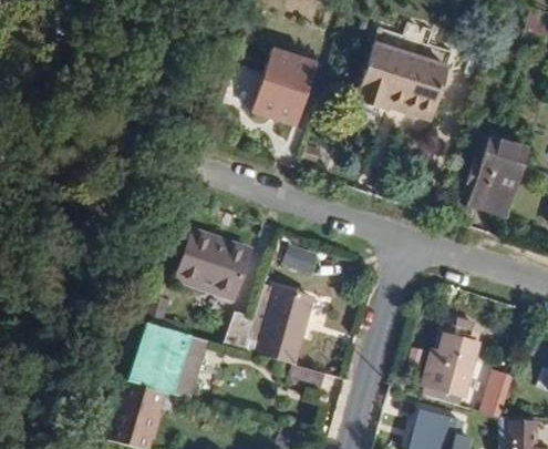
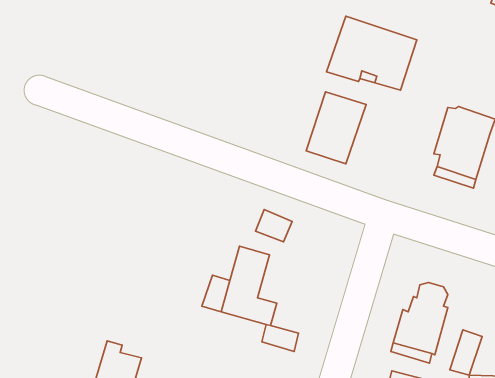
building: [252,51,314,125] -> [306,92,366,164]
building: [177,227,251,298] -> none
building: [128,322,208,397] -> none

